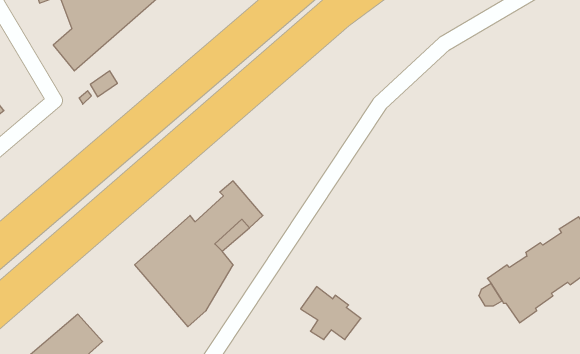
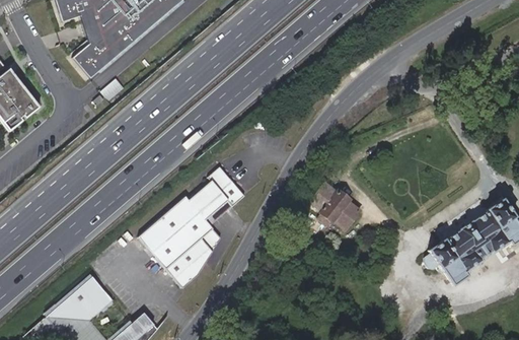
building: [301,287,361,340] -> [311,184,361,227]

